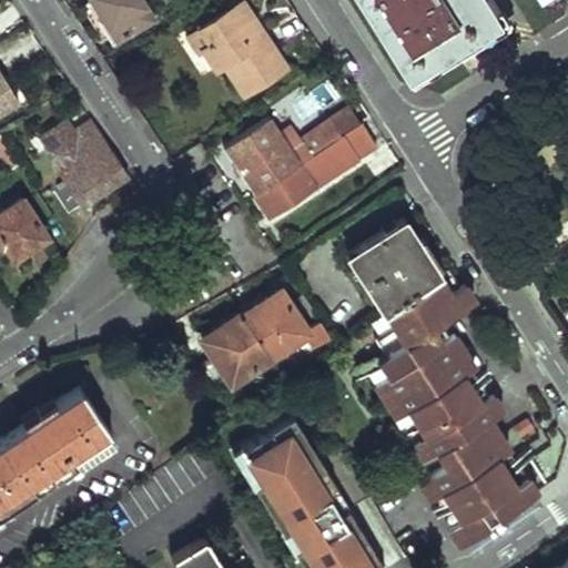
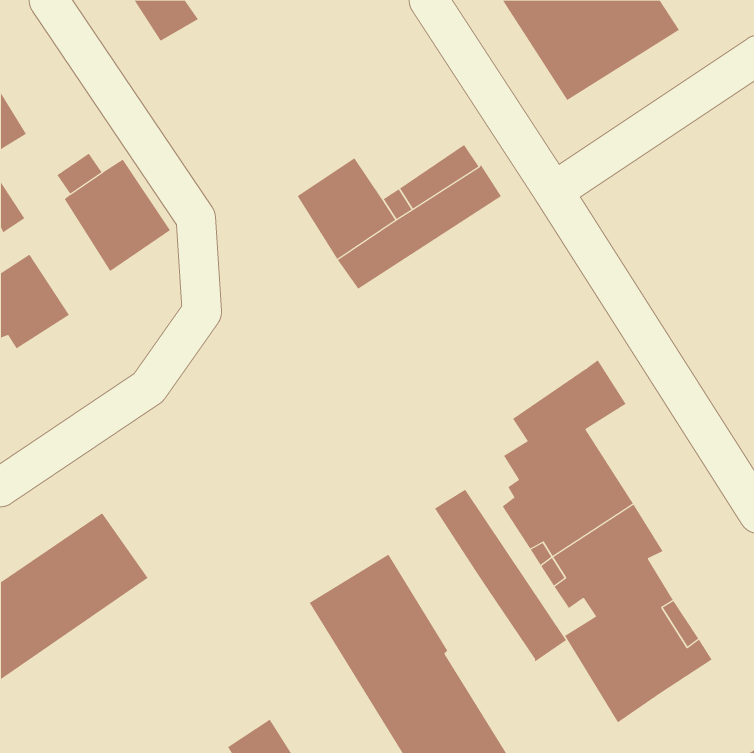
building: [190,9,282,101] -> none
building: [349,221,440,316] -> none
building: [197,284,334,394] -> none
building: none -> [434,489,567,663]

